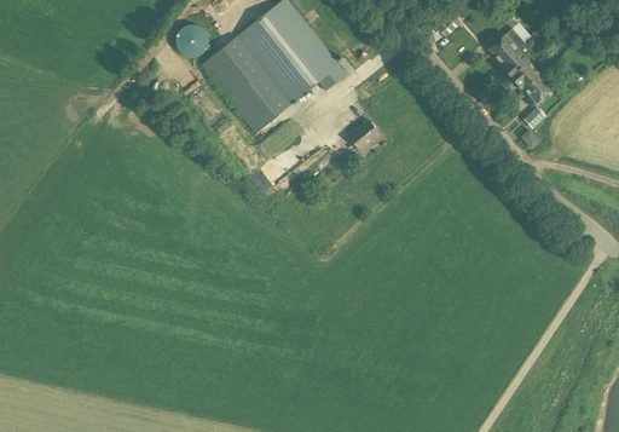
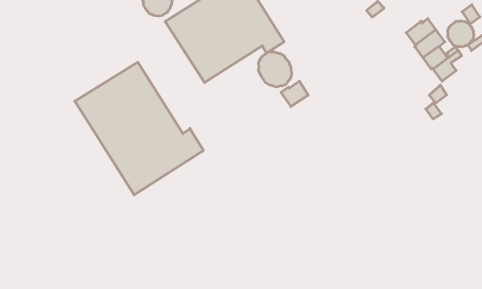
building: none -> [448,21,474,47]
building: none -> [258,52,292,87]
building: none -> [75,62,203,195]

